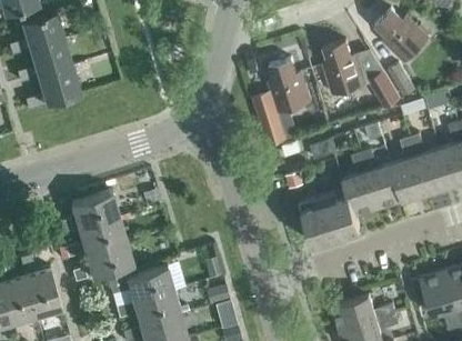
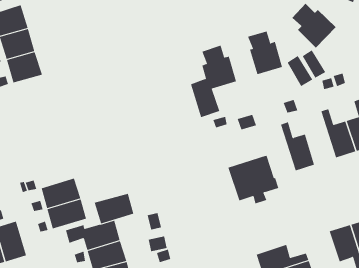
building: [391,137,426,200] -> none
building: [341,152,379,215] -> none
building: [70,191,118,228] -> [94,193,134,224]

